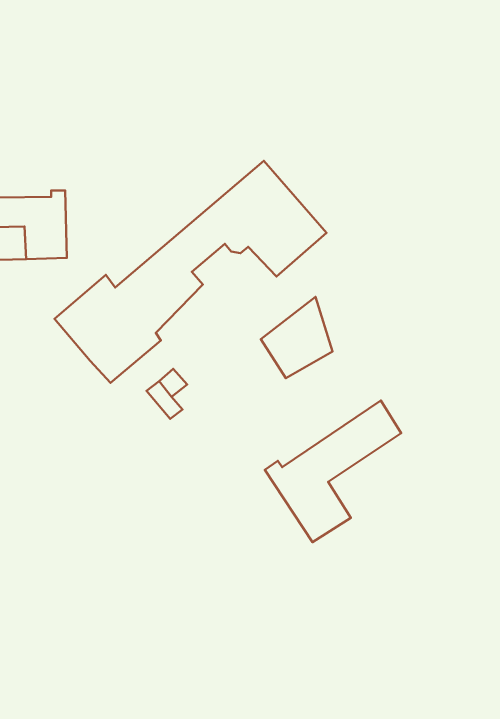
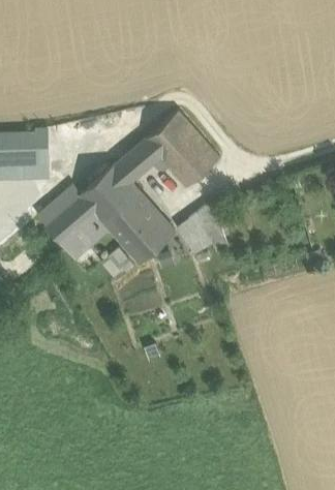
building: none -> [106,193,174,264]
building: [265,400,401,542] -> none

